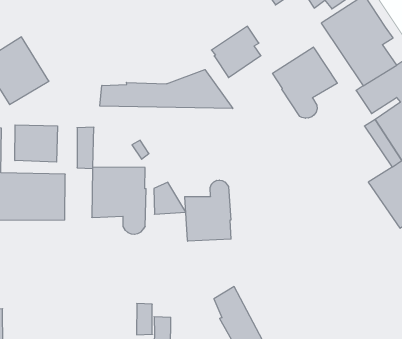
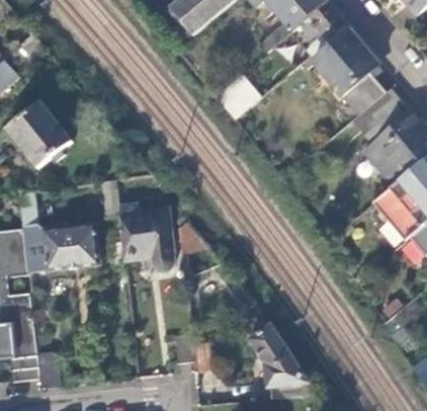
building: [273,47,337,118] -> none
building: [100,70,233,109] -> none
building: [15,125,57,162] -> none
building: [185,180,231,241] -> none

